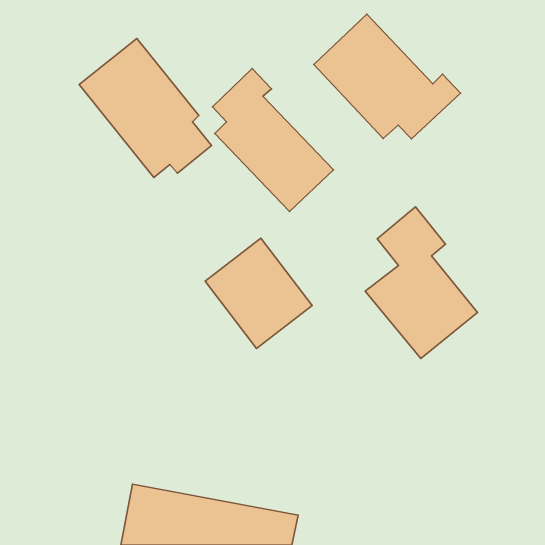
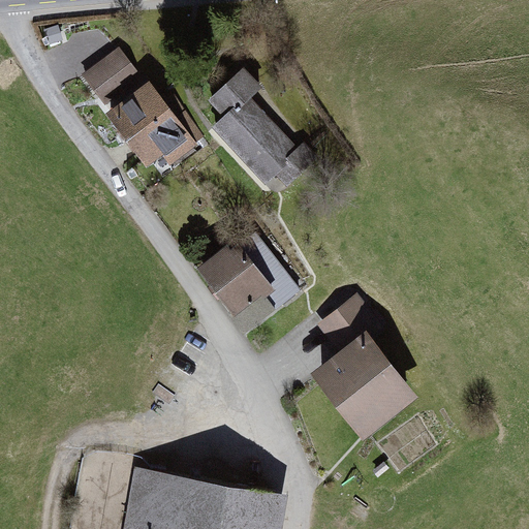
building: [314,14,461,139] -> none
building: [365,207,478,358] -> [307,294,415,441]

